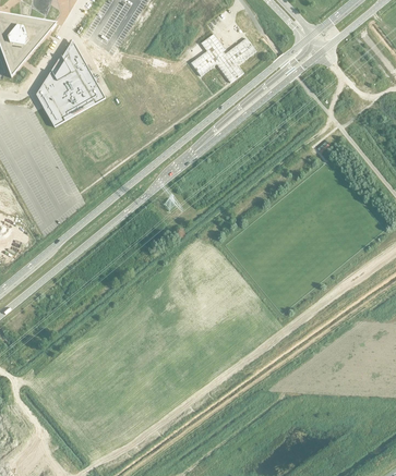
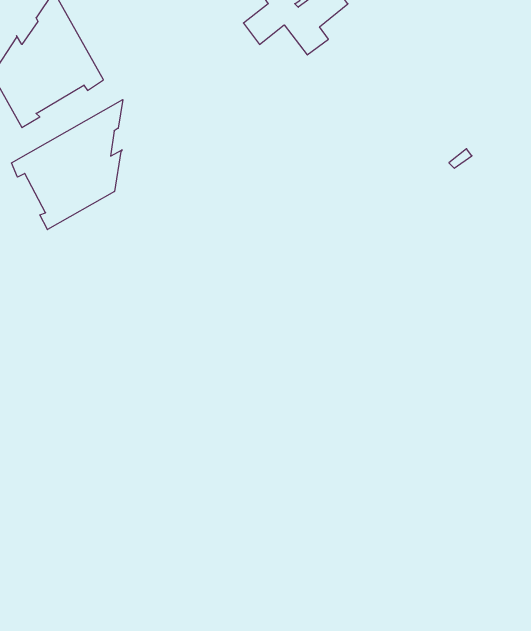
building: none -> [12,100,123,230]

